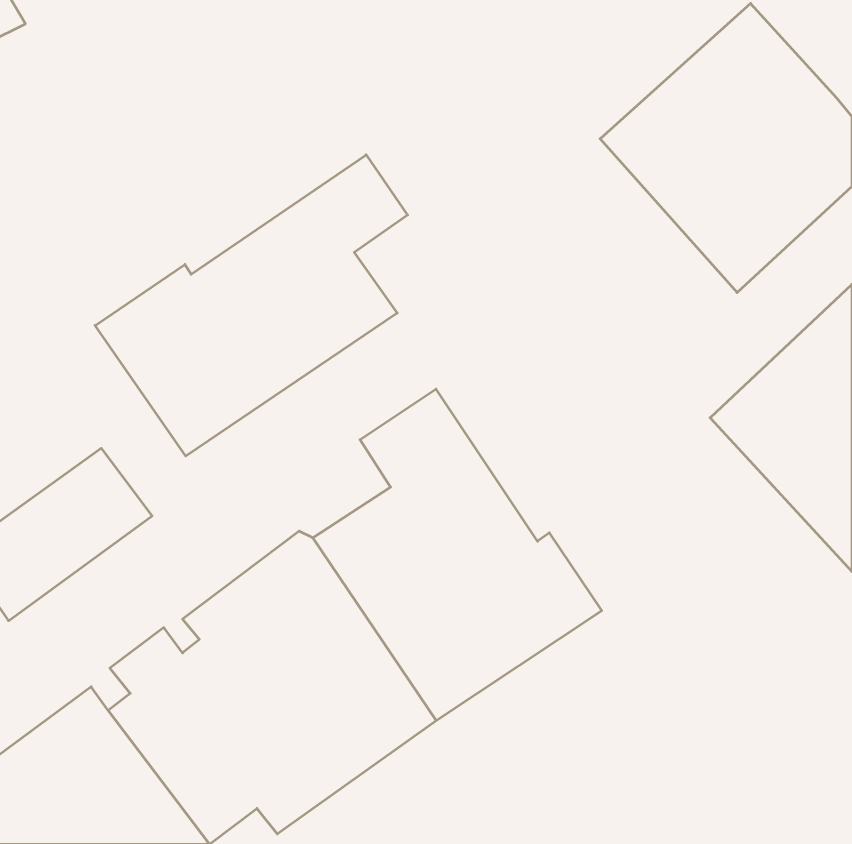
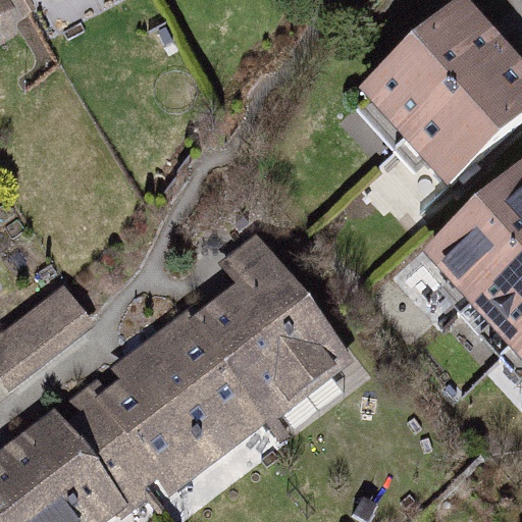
building: [95,155,408,456] -> none

